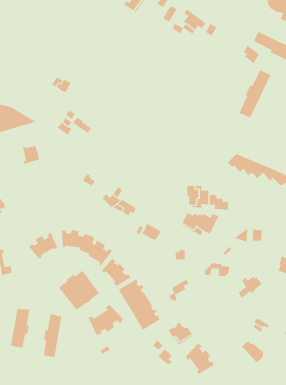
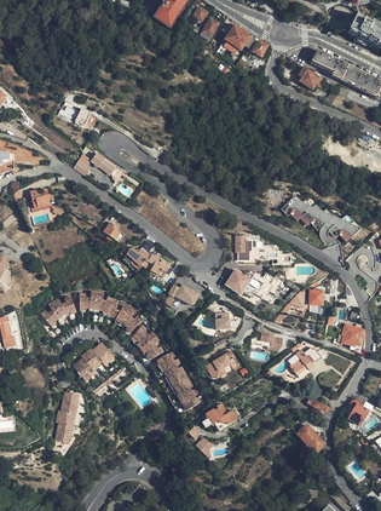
building: [239,70,271,118] -> none
building: [88,304,124,336] -> none
building: [11,308,29,348] -> none
building: [185,343,214,375] -> none

